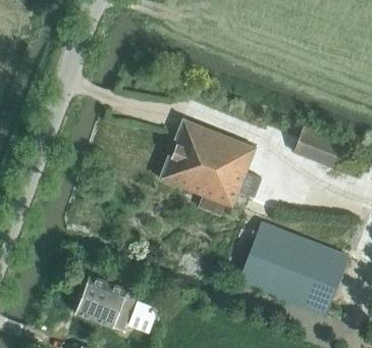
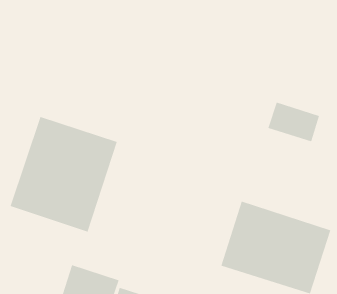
building: [159,118,261,206] -> none
building: none -> [10,116,117,233]

